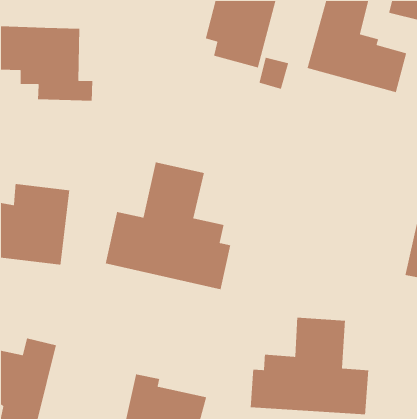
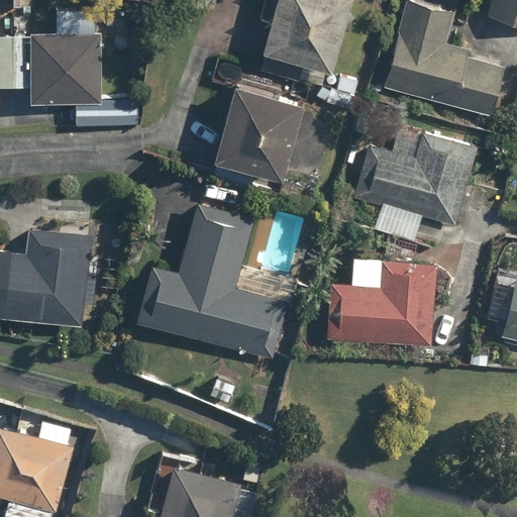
building: none -> [208,86,297,179]
building: none -> [355,125,479,243]
building: none -> [327,258,436,346]
building: [250,317,369,415] -> none

